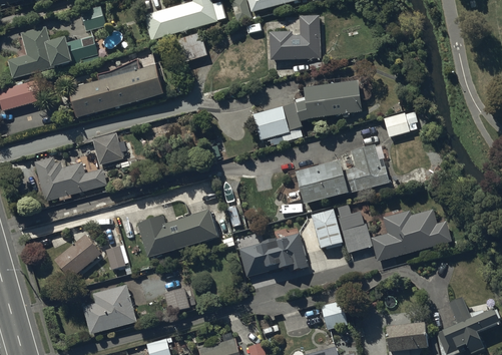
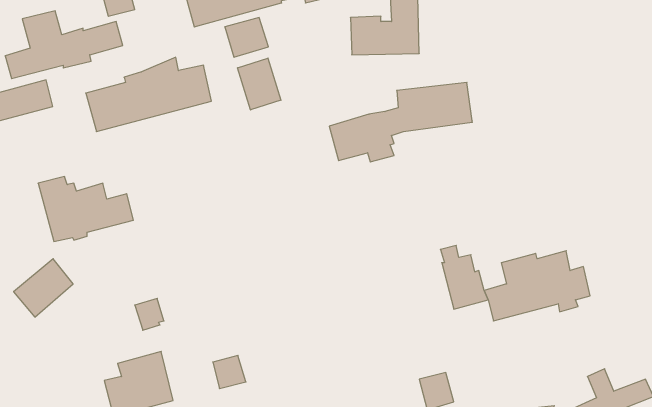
building: none -> [238,58,281,110]
building: [385,111,412,135] -> none
building: [92,128,121,160] -> none
building: [296,142,390,207] -> none
building: [312,210,343,248] -> none
building: [138,211,219,257] -> none
building: [239,232,308,275] -> none
building: [54,234,99,278] -> [14,259,73,317]

